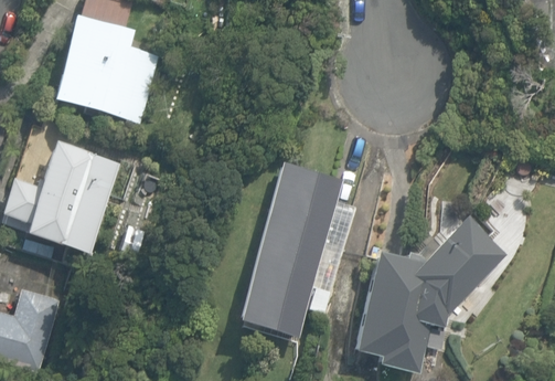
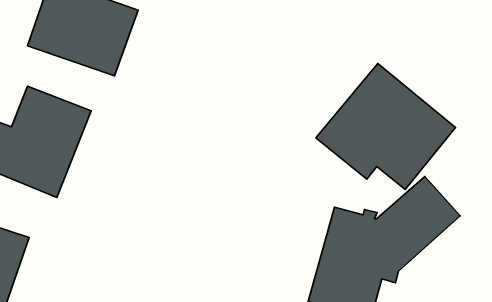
building: none -> [316,64,455,189]
building: [238,160,357,337] -> none

